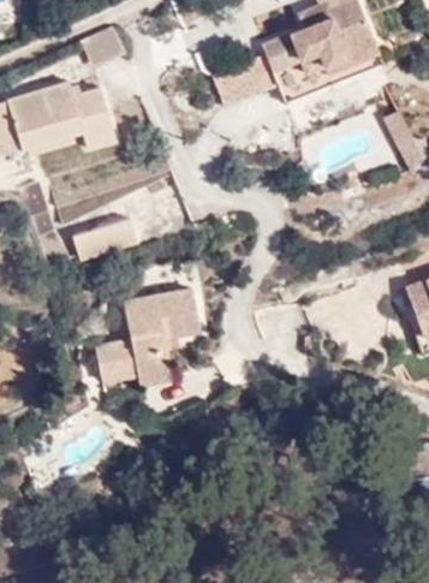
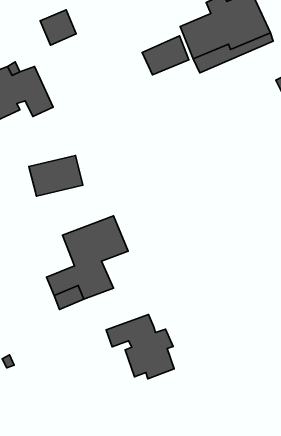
building: none -> [106,314,174,379]

